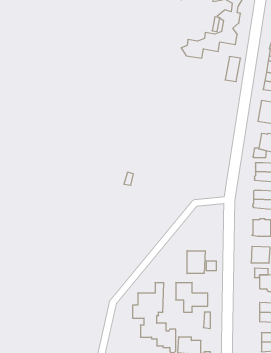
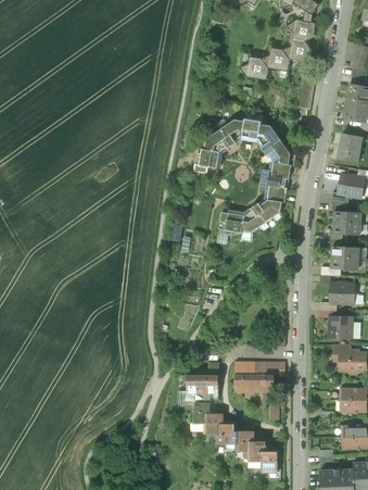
building: none -> [199,118,295,233]
building: [187,251,205,274] -> none

